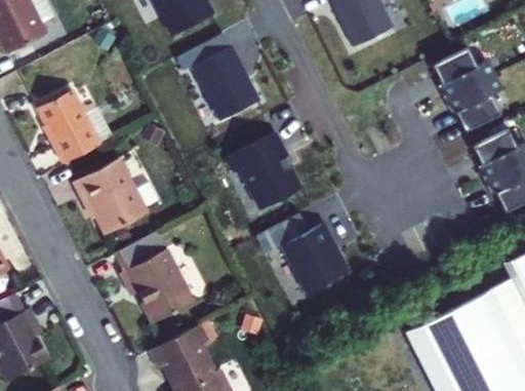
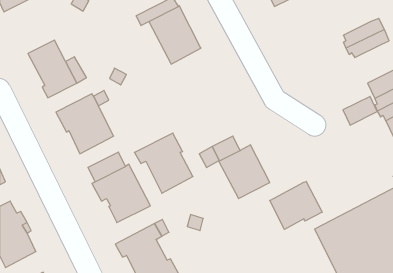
building: [432,47,476,83] -> none
building: [455,94,499,131] -> [343,96,377,125]
building: [226,132,300,209] -> [134,133,193,193]
building: none -> [270,181,322,229]

